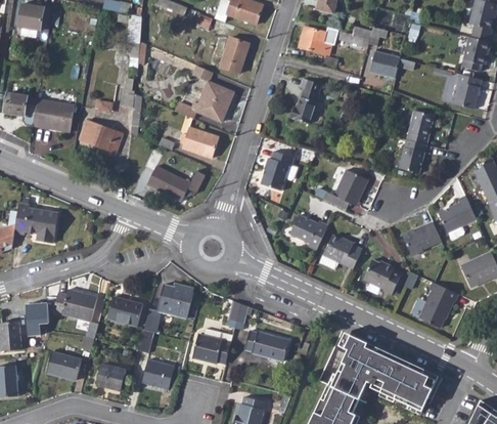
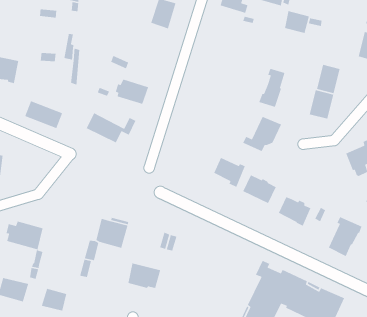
building: [288,78,319,123] -> [258,68,285,108]
building: [204,82,233,119] -> none
building: [78,120,122,153] -> [24,100,63,129]
building: [260,151,295,190] -> none
building: [402,222,440,255] -> none
building: [107,299,143,328] -> none
building: [244,331,290,362] -> none
building: [141,359,174,390] -> none

